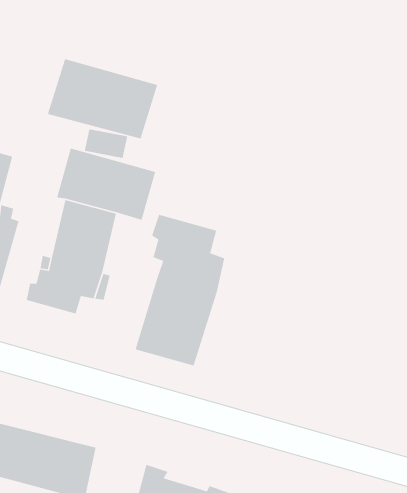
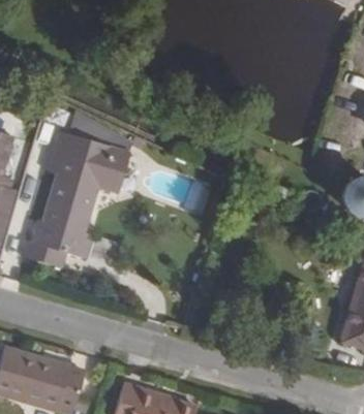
building: [47,58,158,139] -> none
building: [134,214,225,367] -> none

